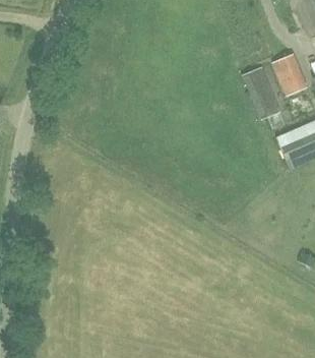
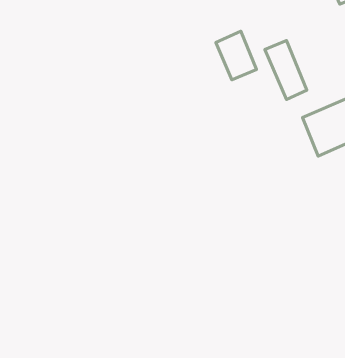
building: [270,51,307,95] -> [216,31,257,80]

